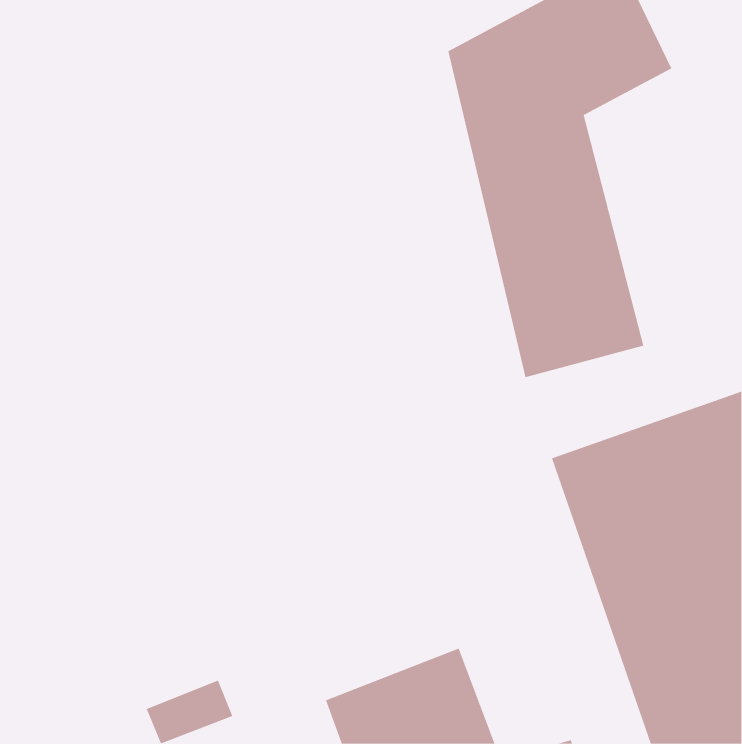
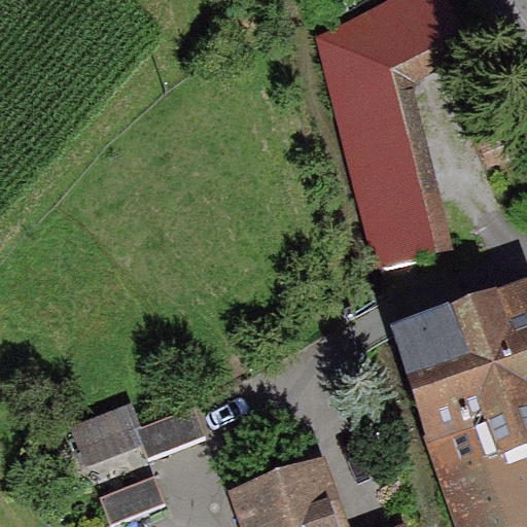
building: none -> [69,405,205,471]

